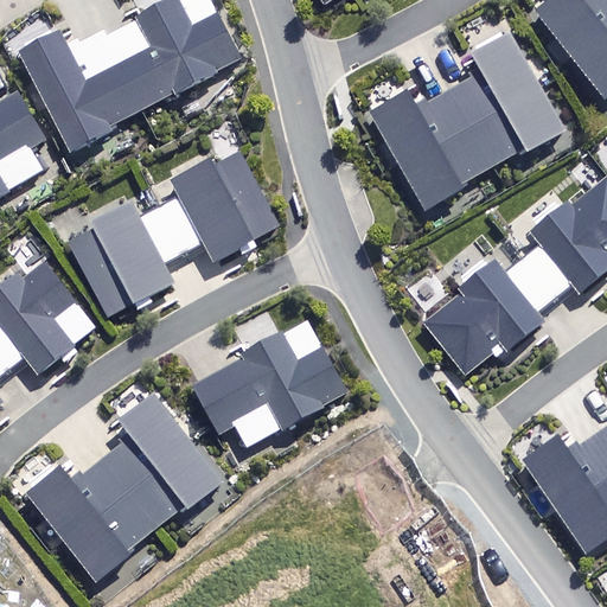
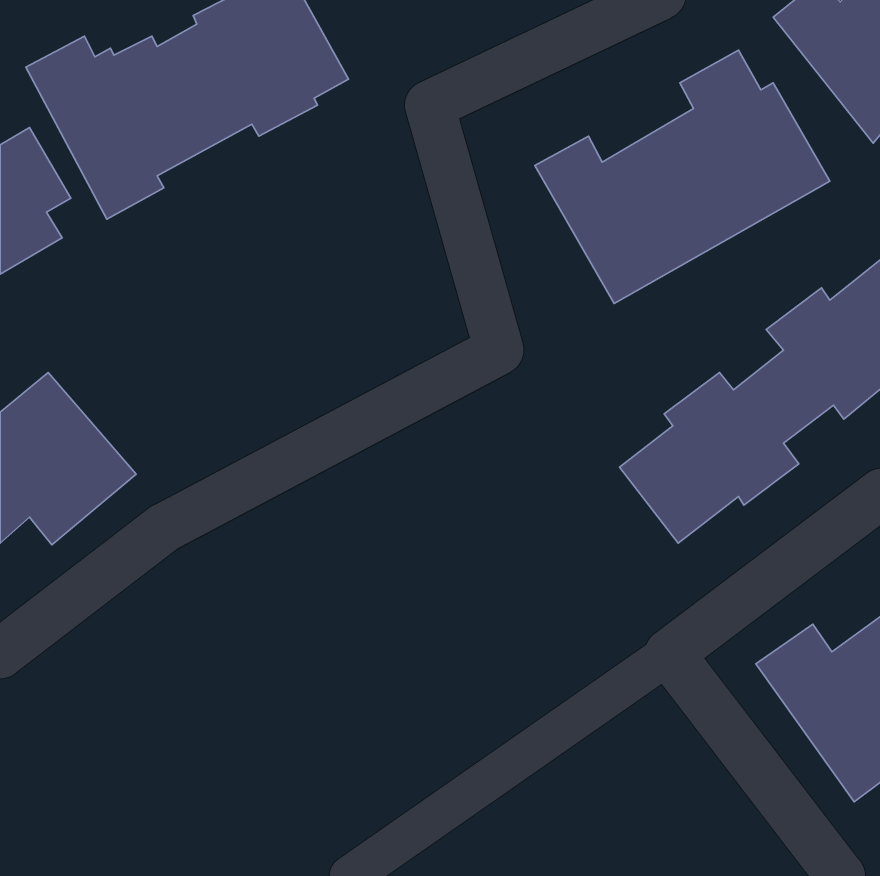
building: [51,148,276,318] -> none
building: [192,318,345,447] -> none
building: [26,392,223,581] -> none

